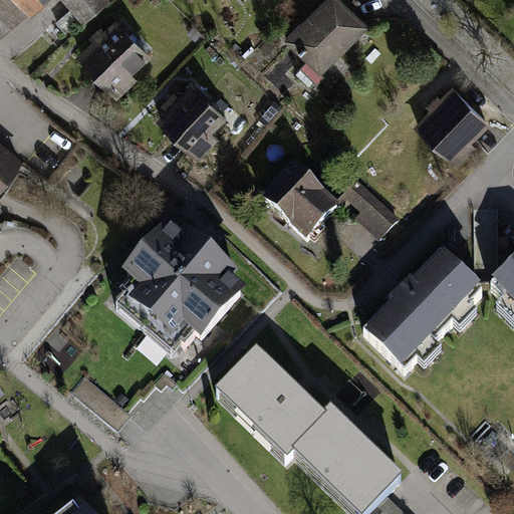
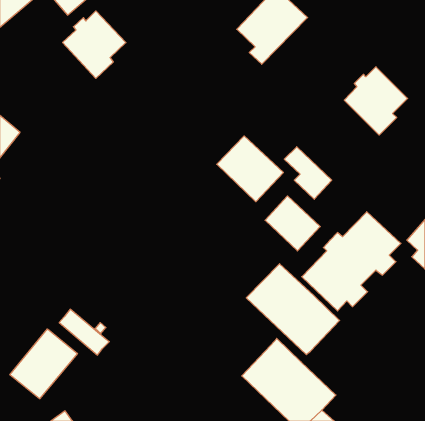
building: [156,77,228,157] -> none
building: [116,217,246,347] -> none
building: none -> [265,196,320,251]
building: [214,347,326,457] -> [246,264,340,355]
building: none -> [10,329,77,399]

